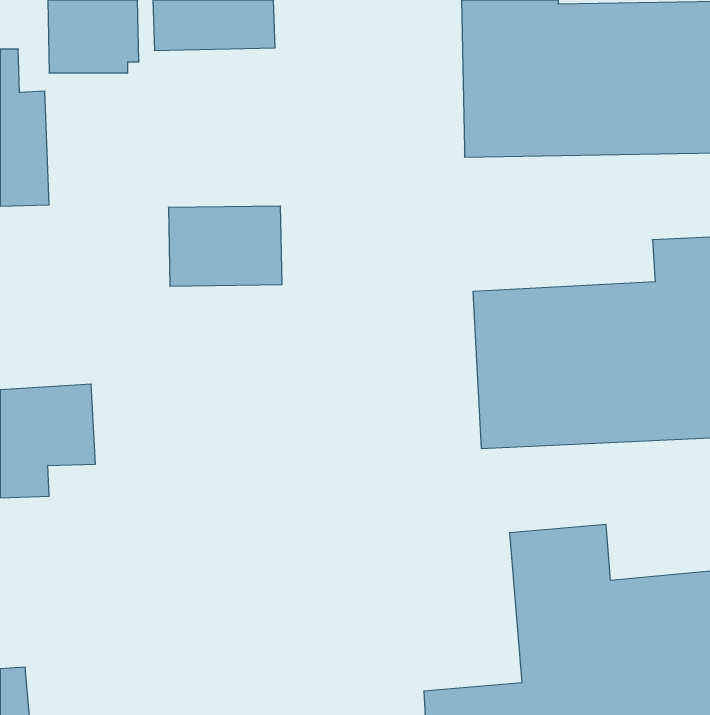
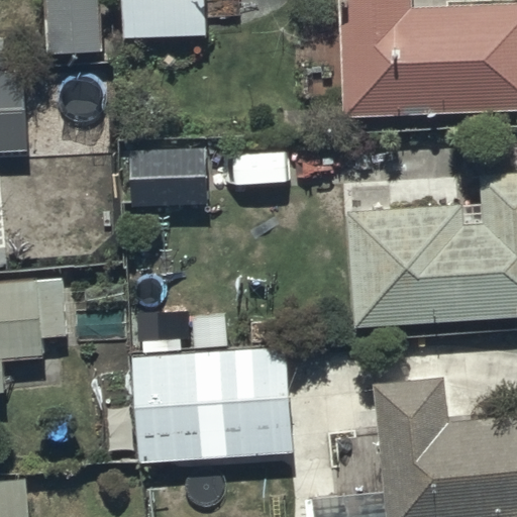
building: none -> [129,314,294,464]

